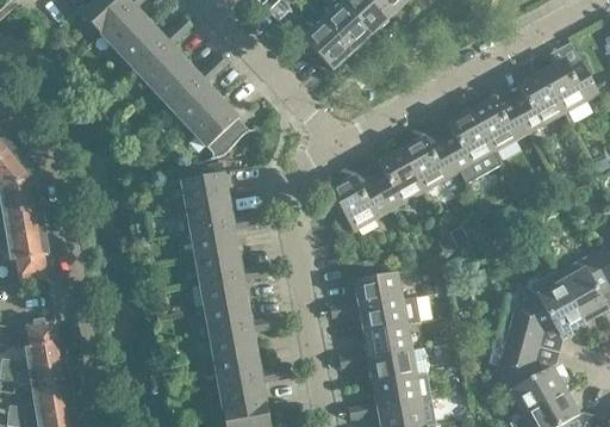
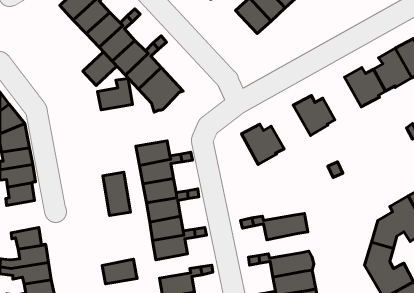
building: [303,19,351,69] -> none
building: none -> [83,52,117,86]
building: [441,110,500,184] -> none
building: [371,148,424,208] -> none
building: [181,161,229,204] -> [98,78,133,110]
building: none -> [103,172,131,215]
building: [355,272,402,305] -> none
building: [365,323,411,357] -> none
building: [213,351,261,384] -> [102,259,137,284]

